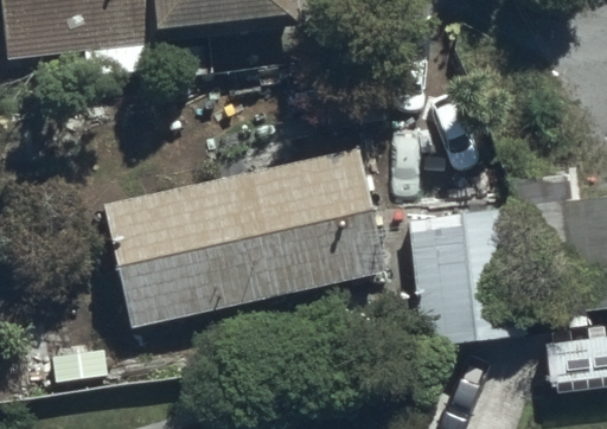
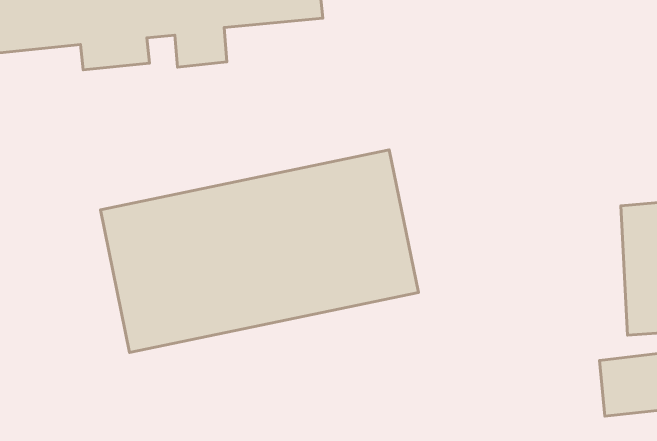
building: [409,211,523,341] -> none

